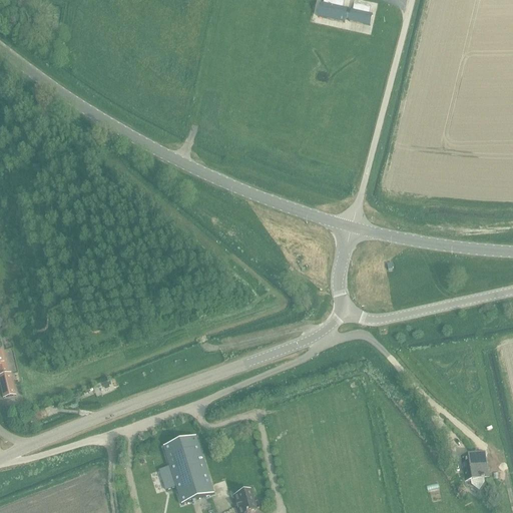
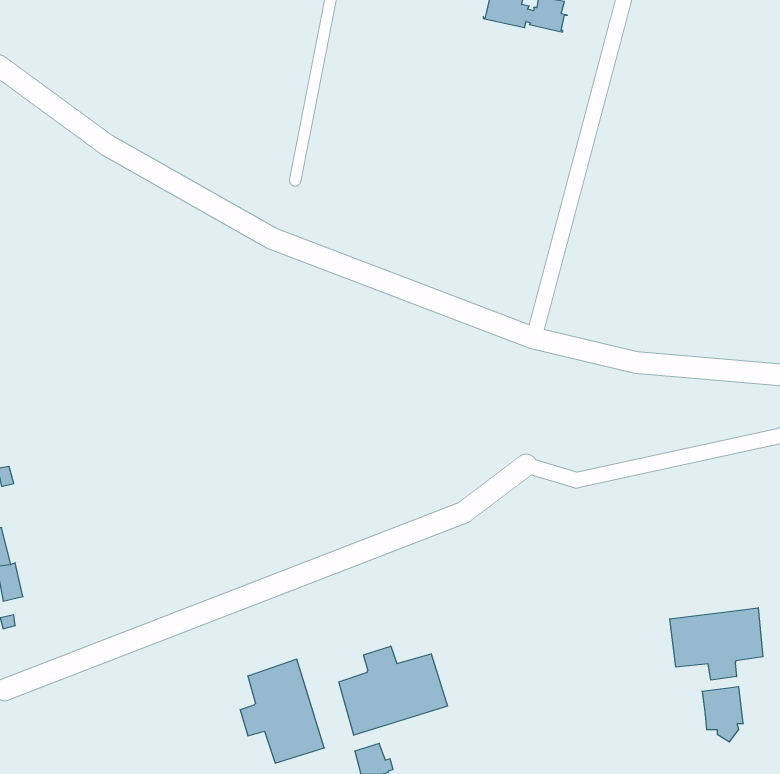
building: none -> [670,608,763,680]
building: none -> [339,646,447,735]

